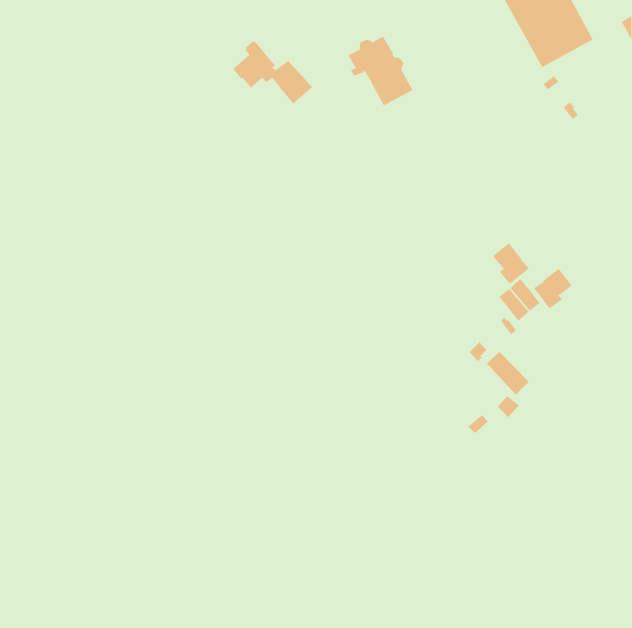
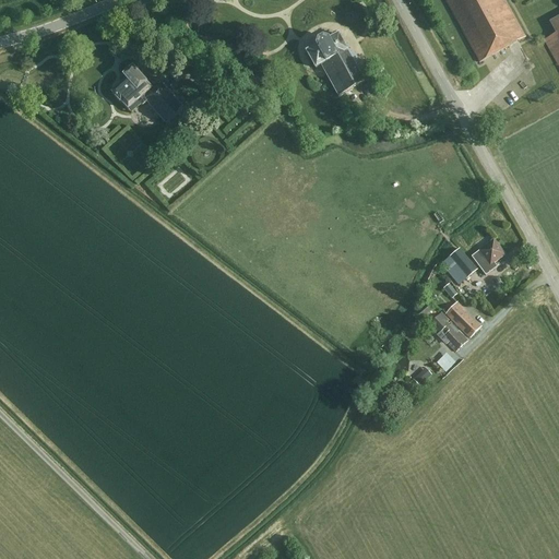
building: [232,40,313,105] -> [112,64,183,121]
building: [492,243,530,284] -> none
building: none -> [445,300,481,336]

